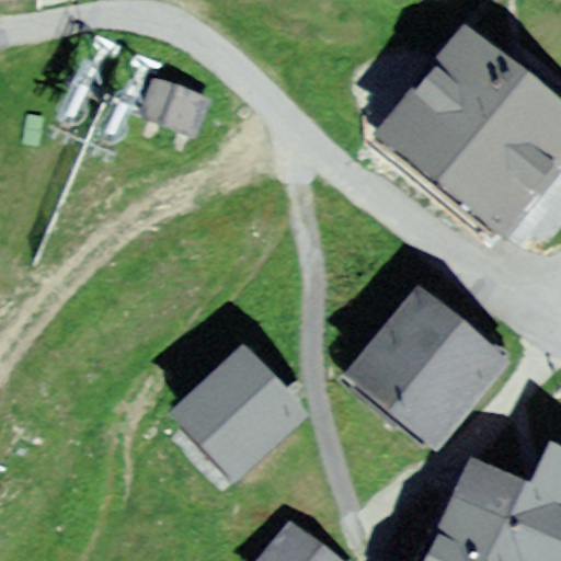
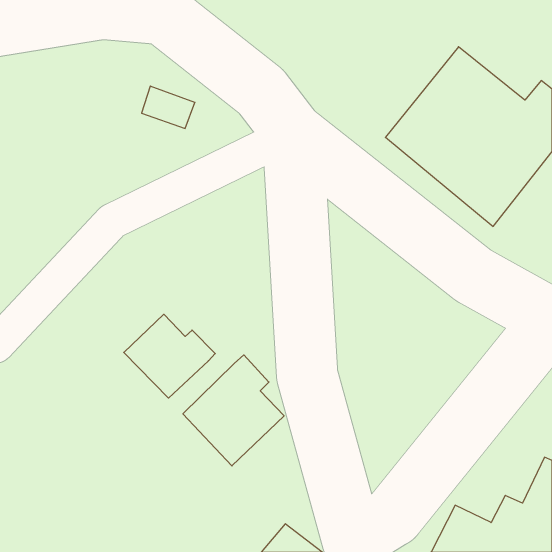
building: [357,307,501,437] -> none
building: none -> [124,314,215,398]

